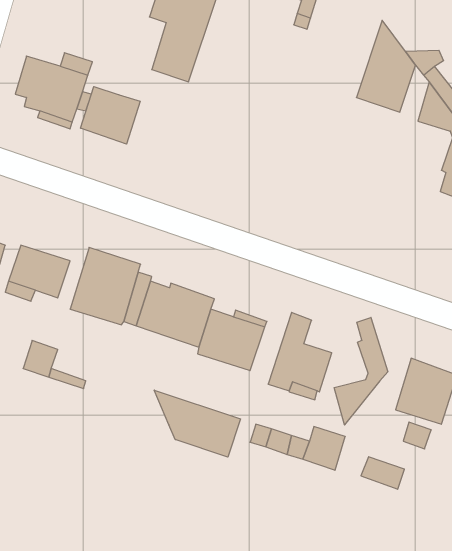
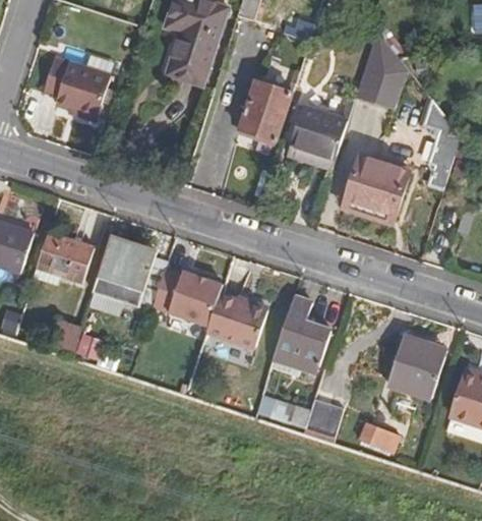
building: none -> [238,80,291,140]
building: [81,87,140,144] -> none
building: none -> [287,107,346,168]
building: none -> [346,157,408,219]
building: [334,317,388,425] -> none
building: [154,390,240,457] -> none

